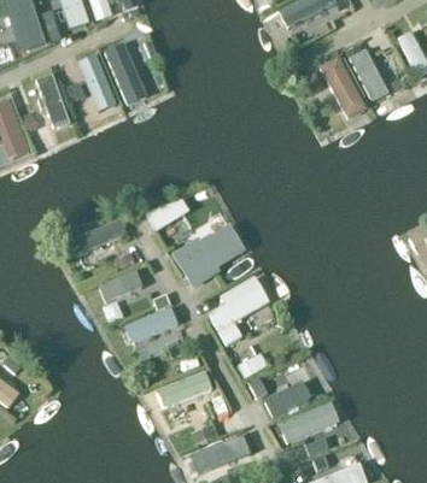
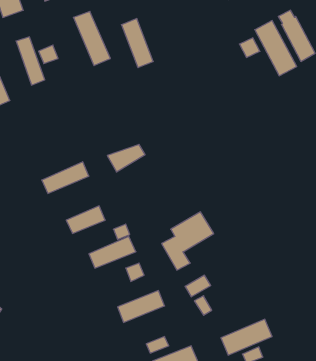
building: [78,53,116,111] -> [121,19,153,68]
building: [170,224,244,288] -> none
building: [262,382,309,418] -> none

